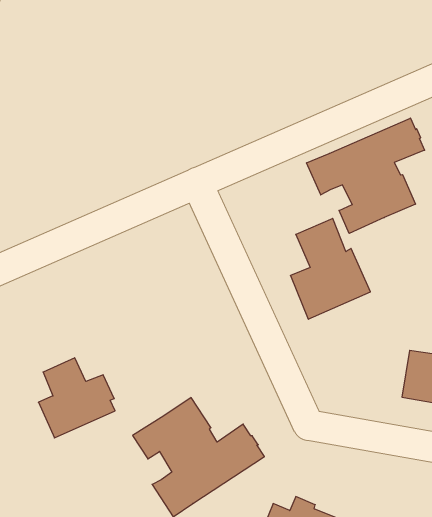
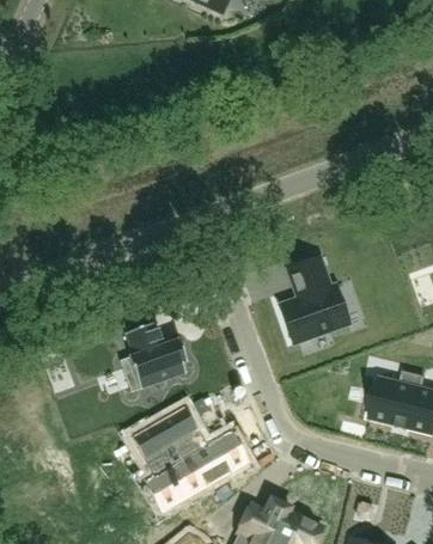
building: [307,118,425,233] -> none
building: [38,358,115,438] -> [120,323,187,392]

